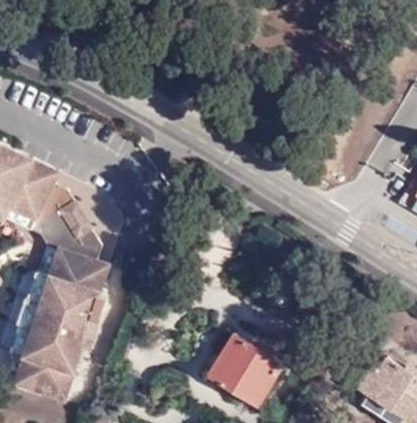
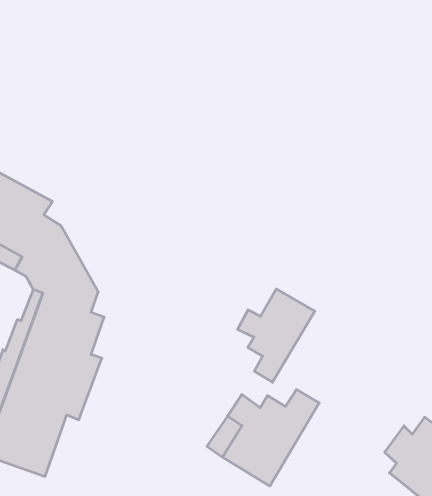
building: none -> [238,289,315,382]

